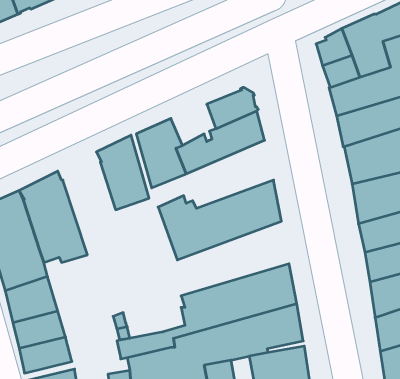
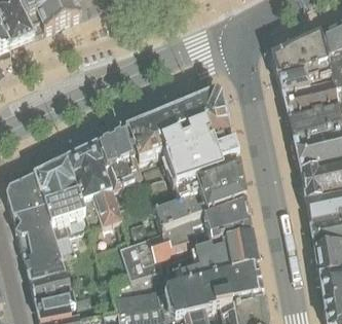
building: none -> [156,103,192,136]
building: none -> [141,132,238,186]
building: none -> [67,142,122,227]
building: none -> [118,196,251,275]

